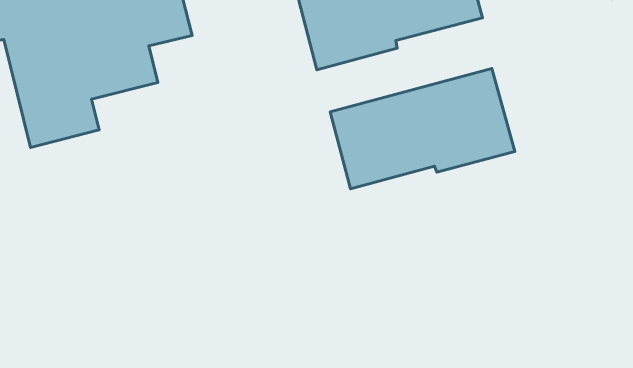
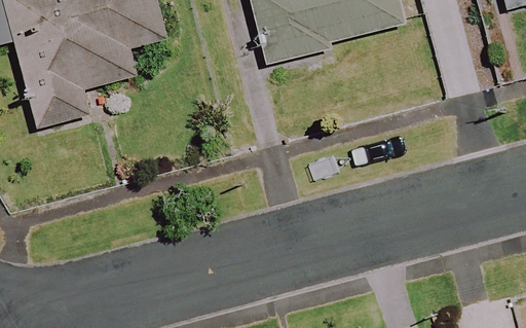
building: [330,68,515,189] -> none

